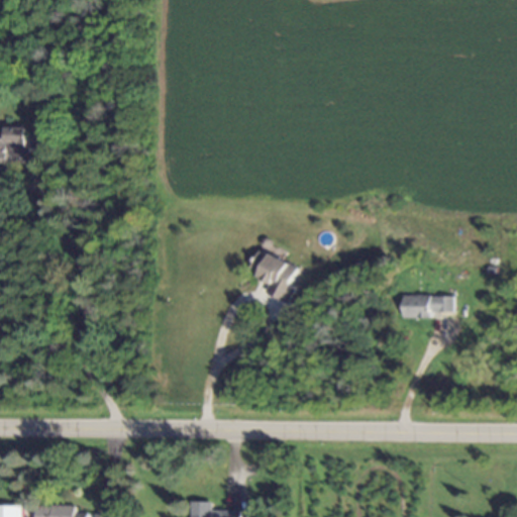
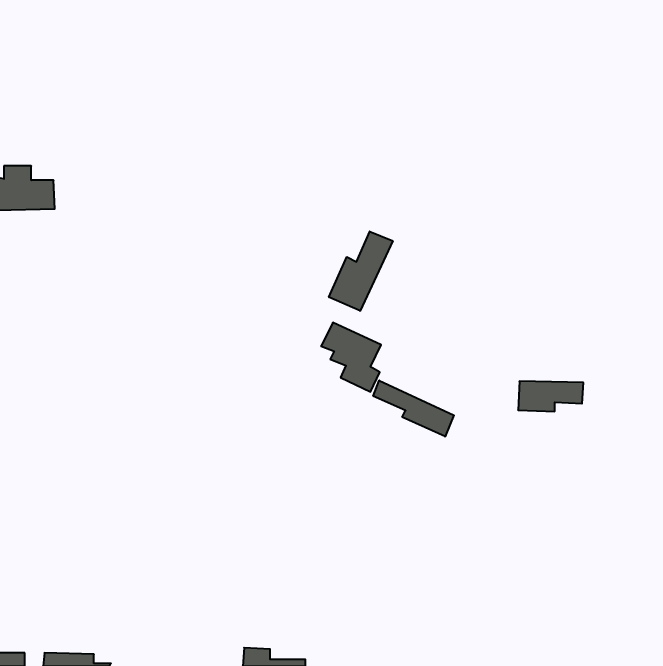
building: none -> [329,231,393,311]
building: none -> [373,380,454,437]

